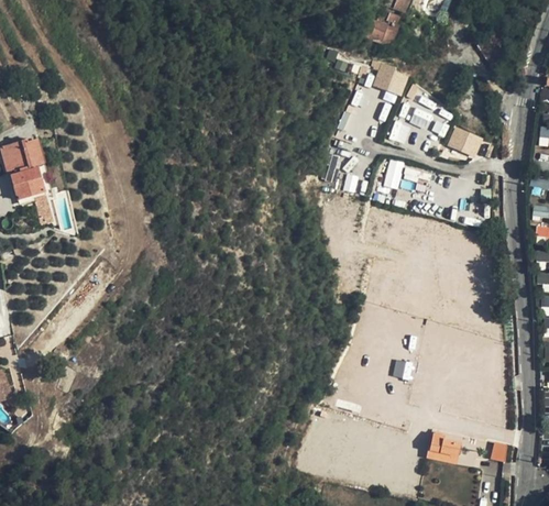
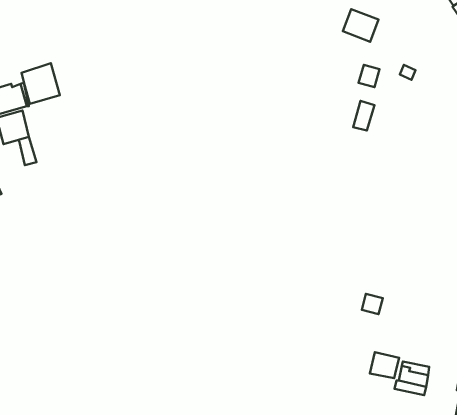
building: [399,102,433,127] -> none
building: none -> [21,63,60,104]
building: [448,124,484,156] -> none
building: none -> [370,352,399,378]

